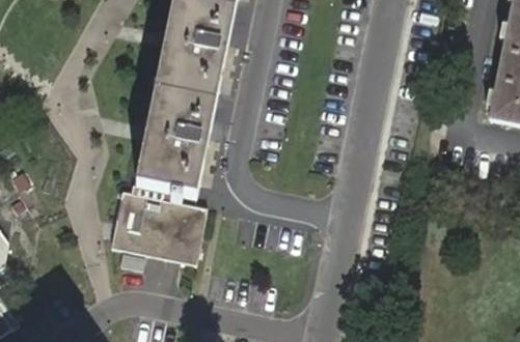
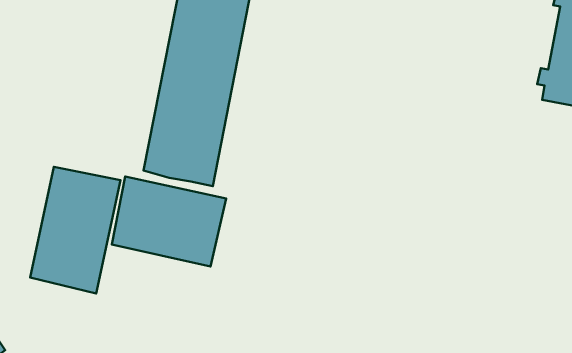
building: none -> [30,167,121,293]

